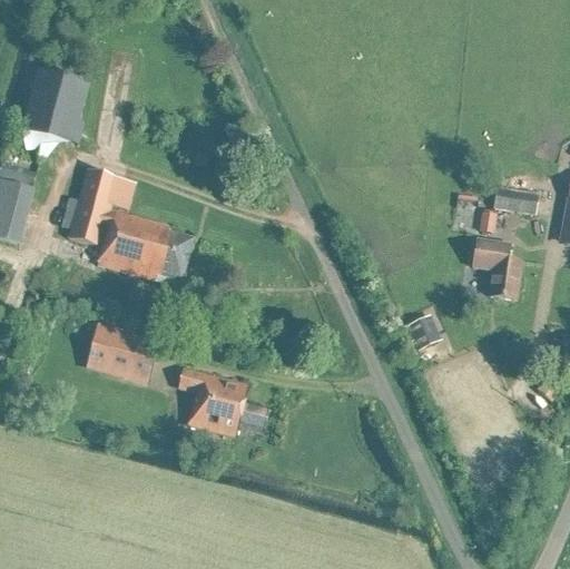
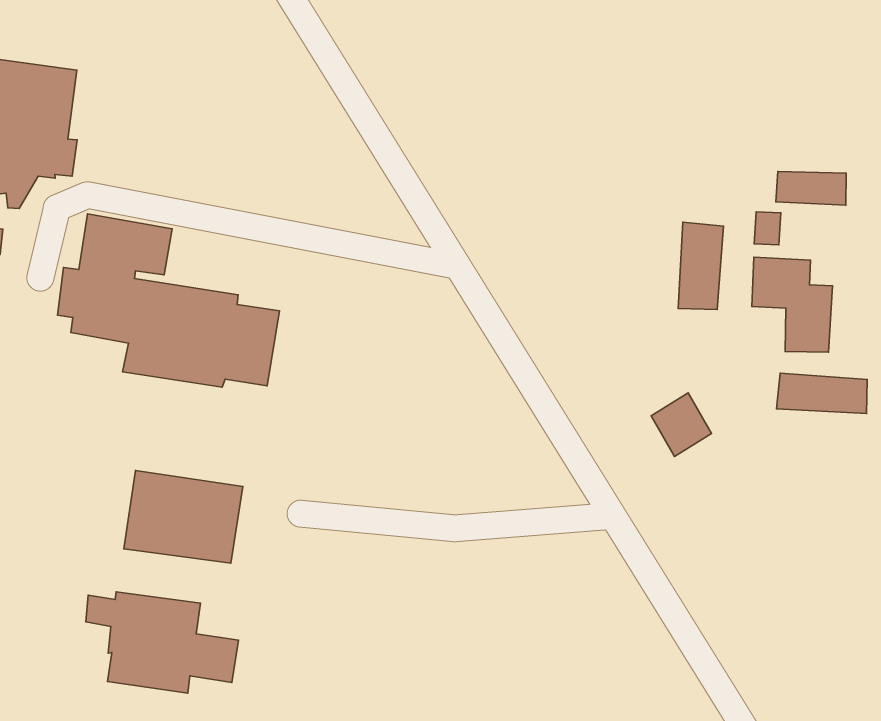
building: none -> [678,222,723,310]
building: none -> [776,373,867,413]
building: [179,371,268,435] -> [86,592,238,693]

